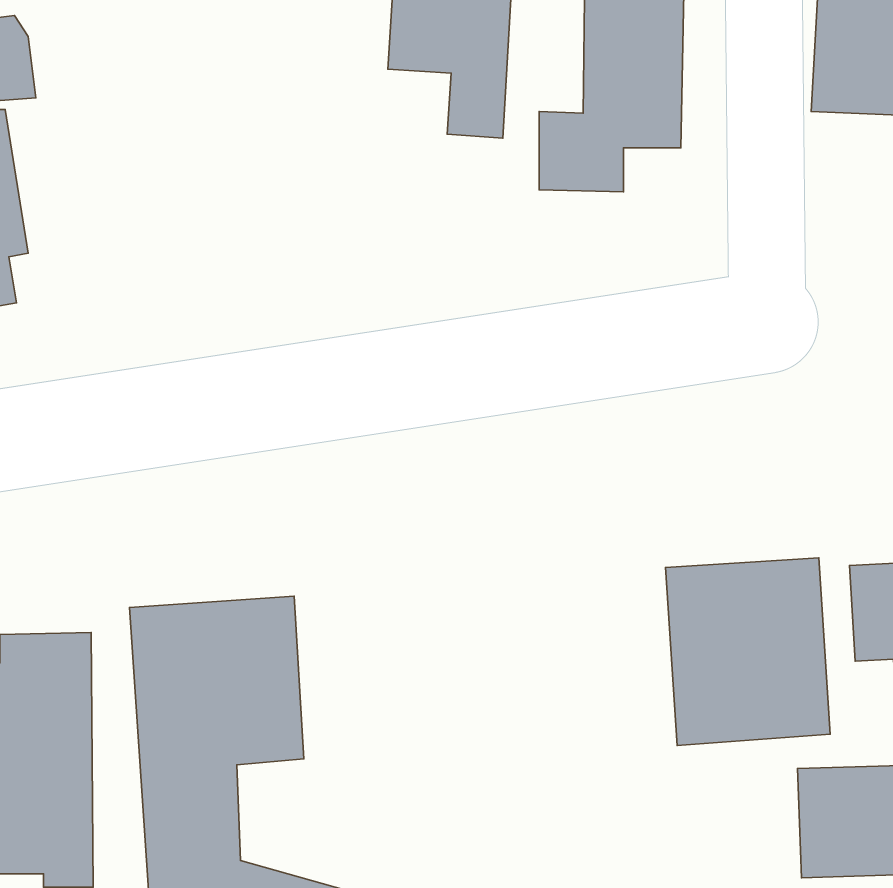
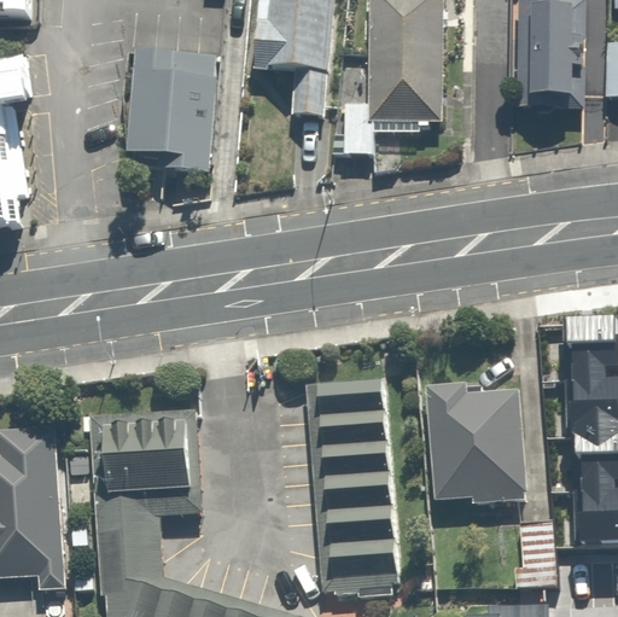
building: none -> [126,52,216,169]
building: none -> [304,378,396,586]

